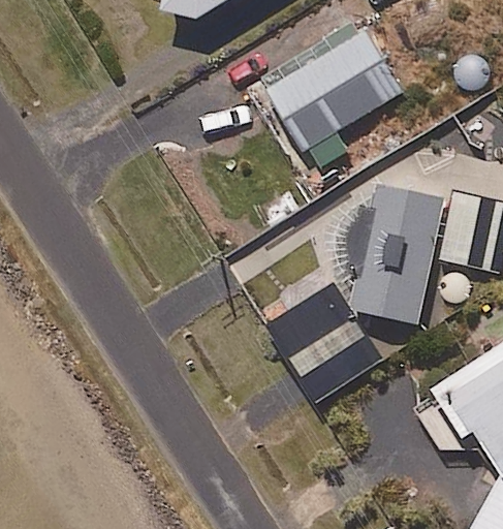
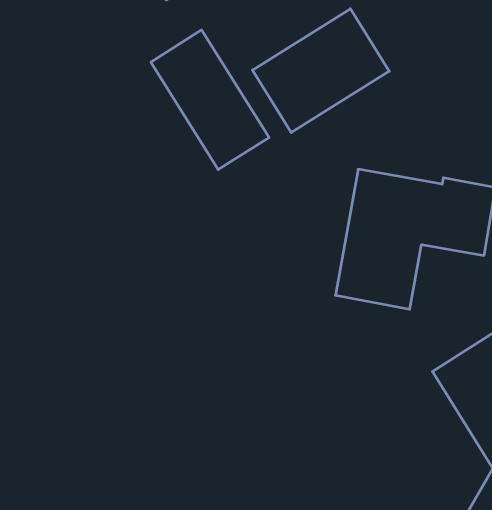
building: none -> [151,30,269,170]
building: [268,281,380,399] -> none

